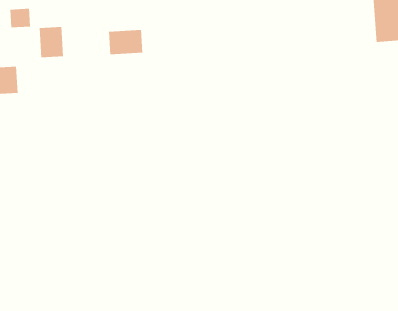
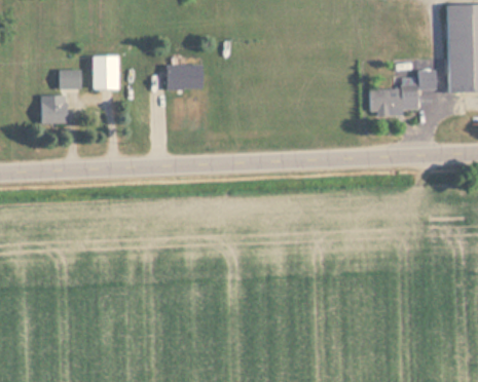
building: [10,8,31,28] -> [60,69,81,88]
building: none -> [370,70,436,115]

